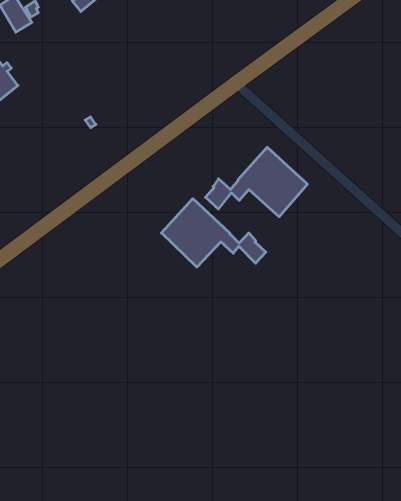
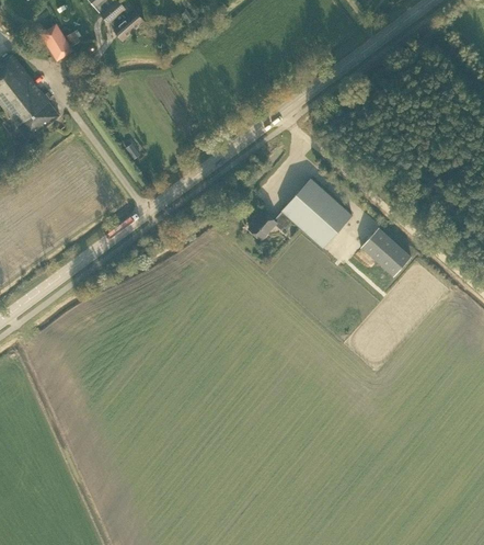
building: none -> [360,227,410,276]
building: [161,199,266,267] -> none

